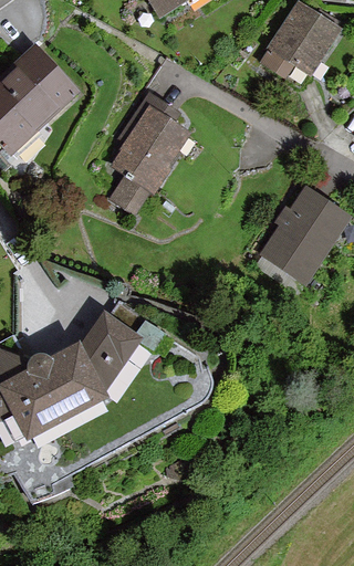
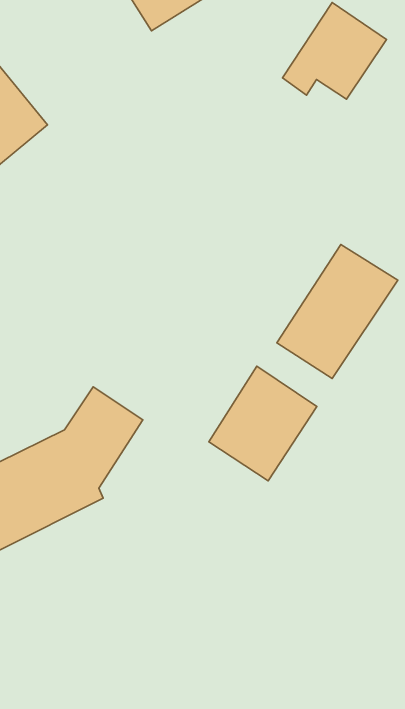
building: [108,98,187,218] -> none
building: none -> [209,366,317,481]

